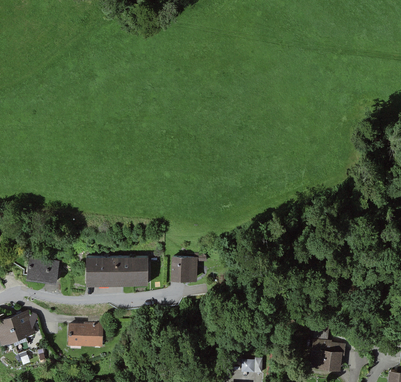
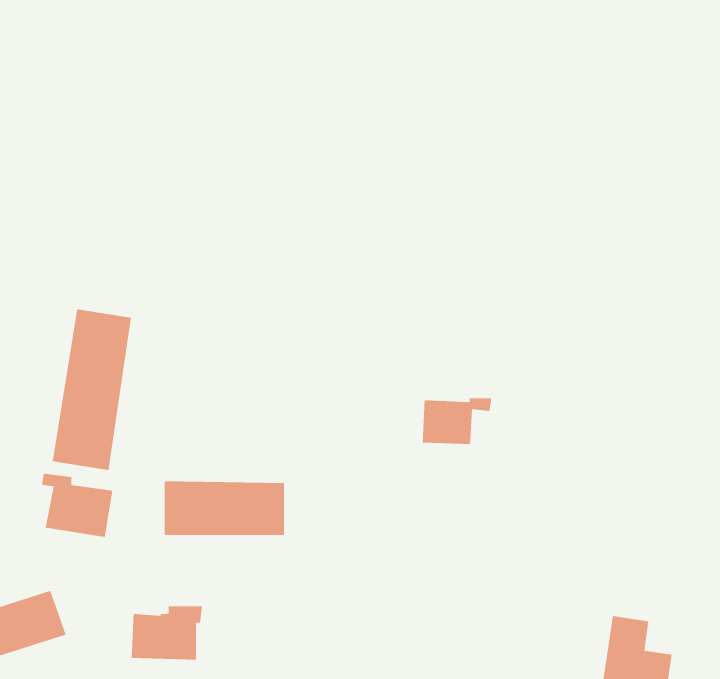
building: none -> [52,308,131,471]
building: [170,256,206,280] -> [422,398,492,445]

